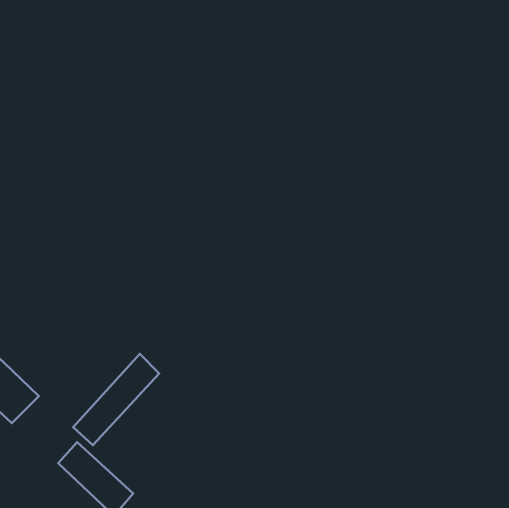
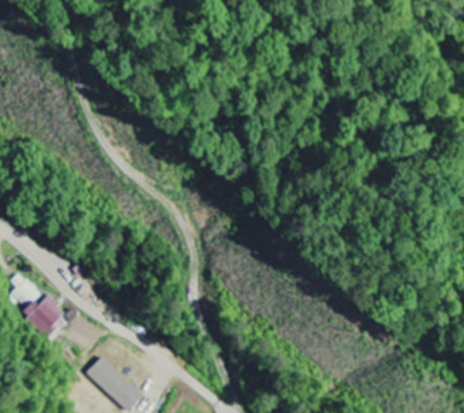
building: [73,354,159,445] -> none

